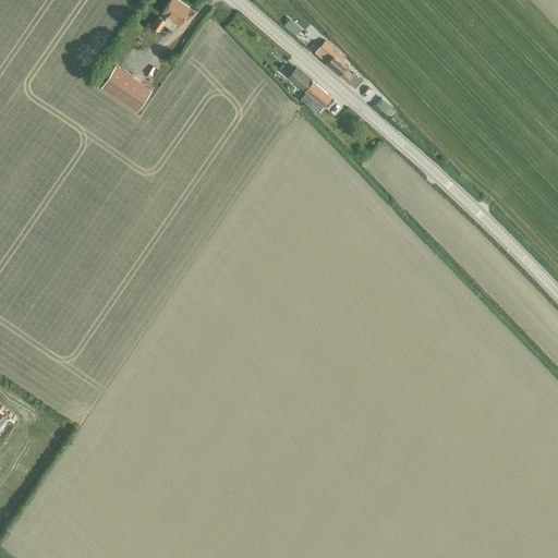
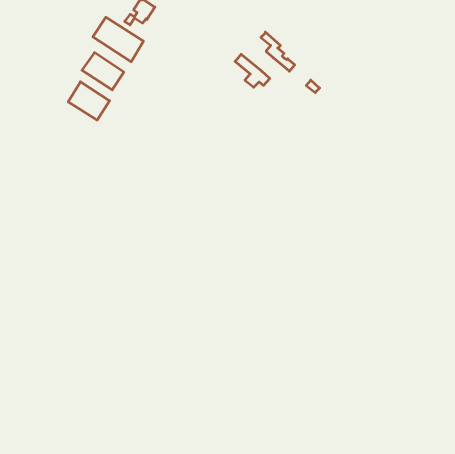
building: none -> [93,17,143,62]
building: none -> [68,82,110,120]

